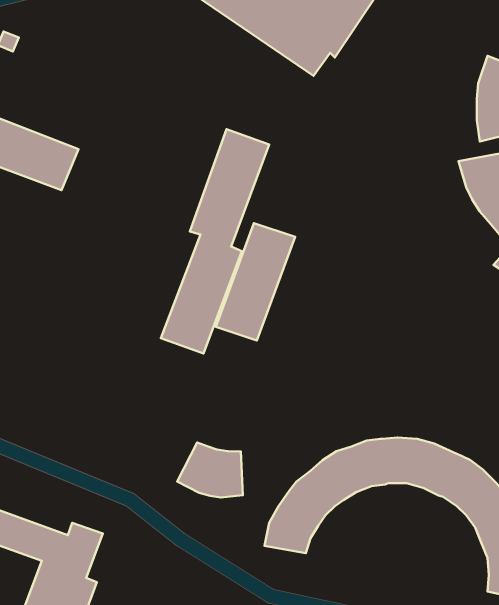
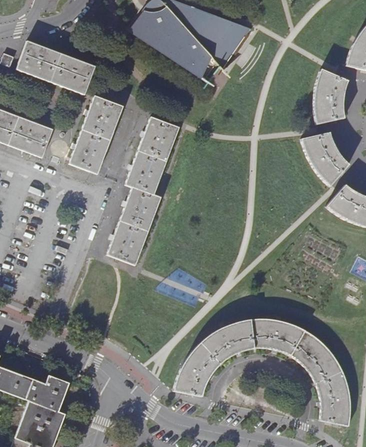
building: none -> [17,41,94,93]
building: [216,223,295,341] -> [70,96,122,173]
building: [177,442,243,497] -> none

